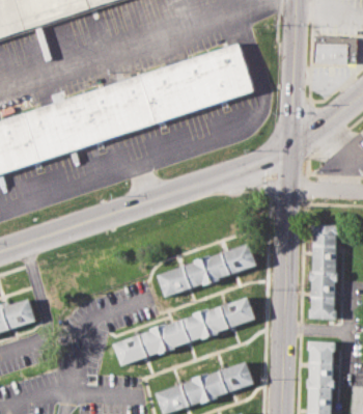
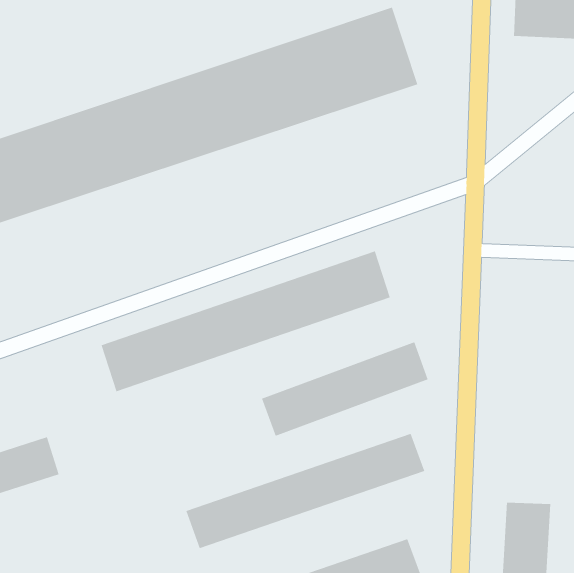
building: none -> [101,251,390,392]
building: [308,221,340,319] -> none

